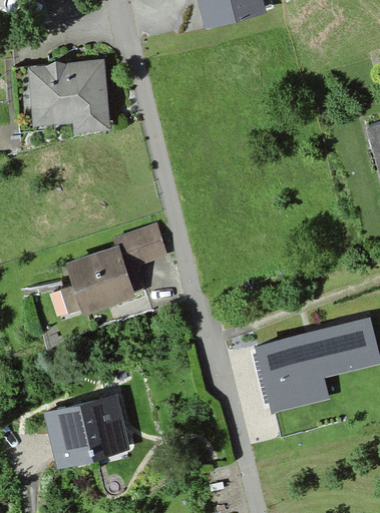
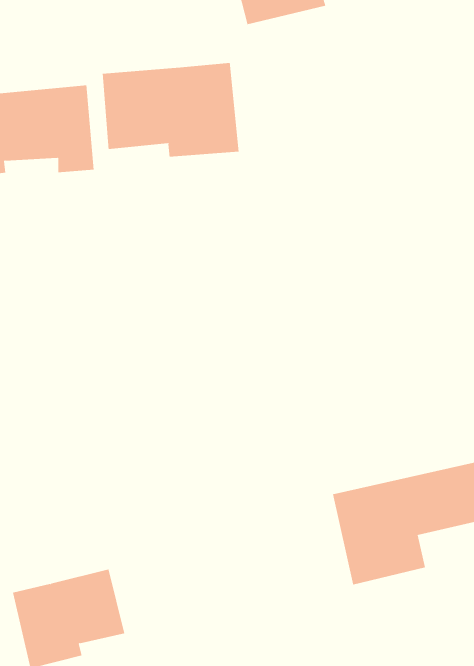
building: none -> [102,62,239,158]
building: [60,226,162,312] -> none

